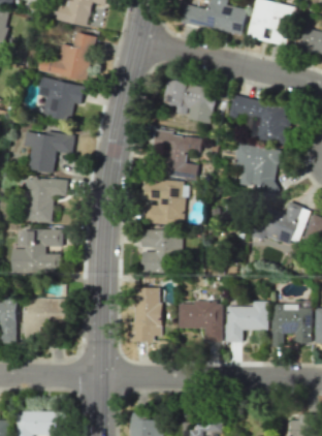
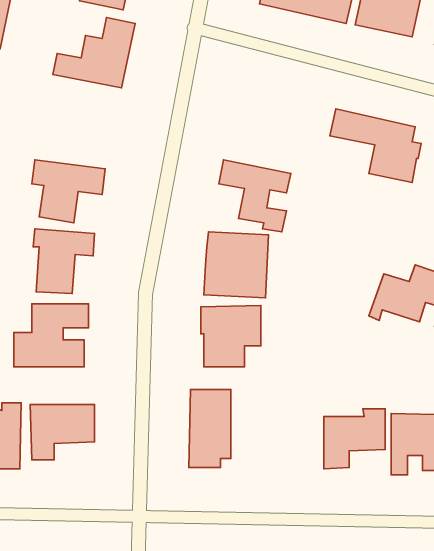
building: [38,76,85,121] -> none
building: [163,80,218,122] -> none
building: [235,144,281,193] -> none
building: [179,301,222,341] -> none

